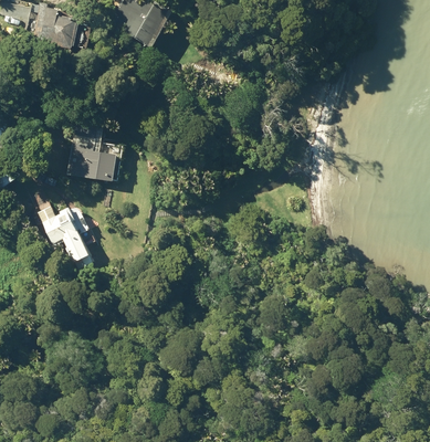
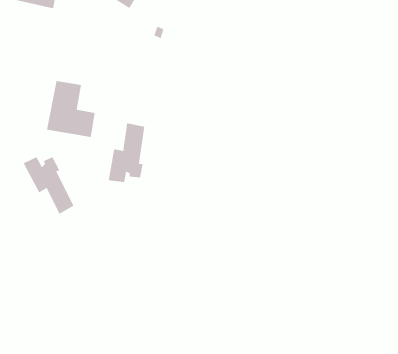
building: none -> [108,123,145,183]

